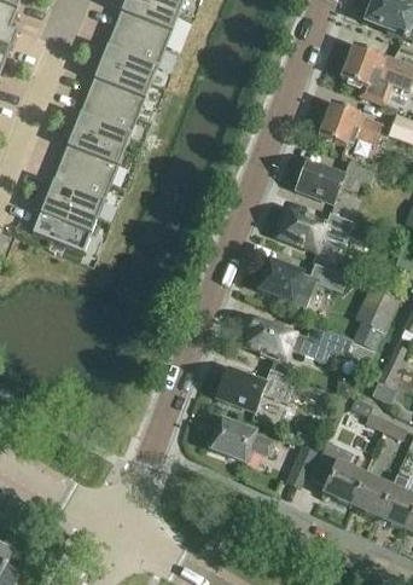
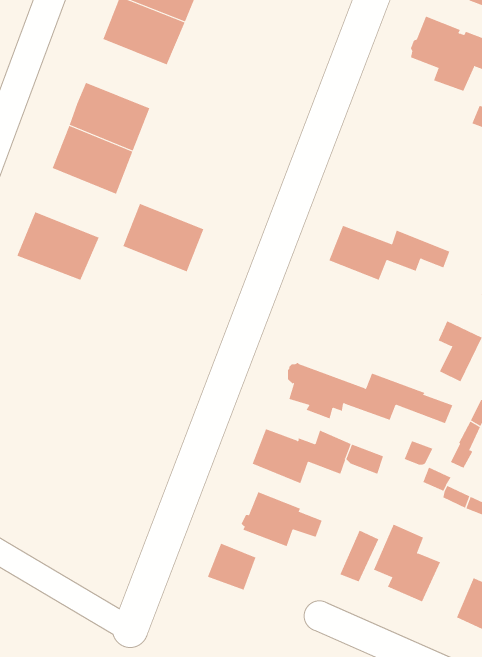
building: [86,62,150,116] -> none
building: [318,102,380,145] -> none
building: [295,160,374,203] -> none
building: [46,163,110,218] -> [123,203,204,272]
building: [257,259,338,307] -> none
building: none -> [207,543,256,591]
building: [350,473,390,516] -> none

